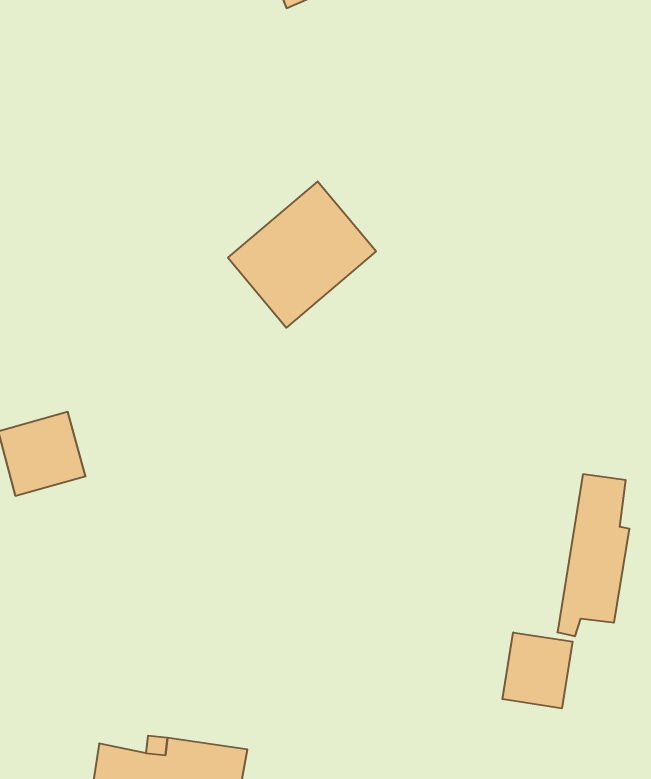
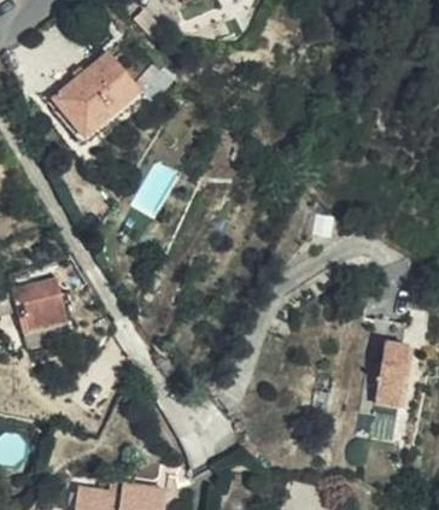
building: [228,181,376,328] -> [52,49,144,140]
building: [503,632,573,708] -> none

